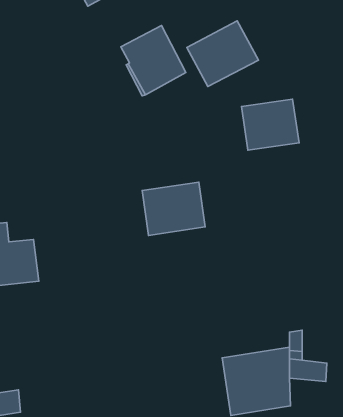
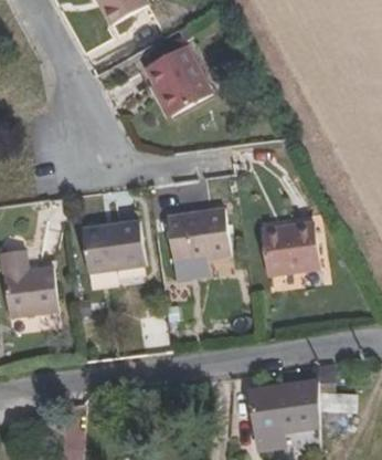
building: [187,21,258,87] -> none
building: [241,99,299,150] -> [258,222,318,275]
building: none -> [79,220,144,272]

